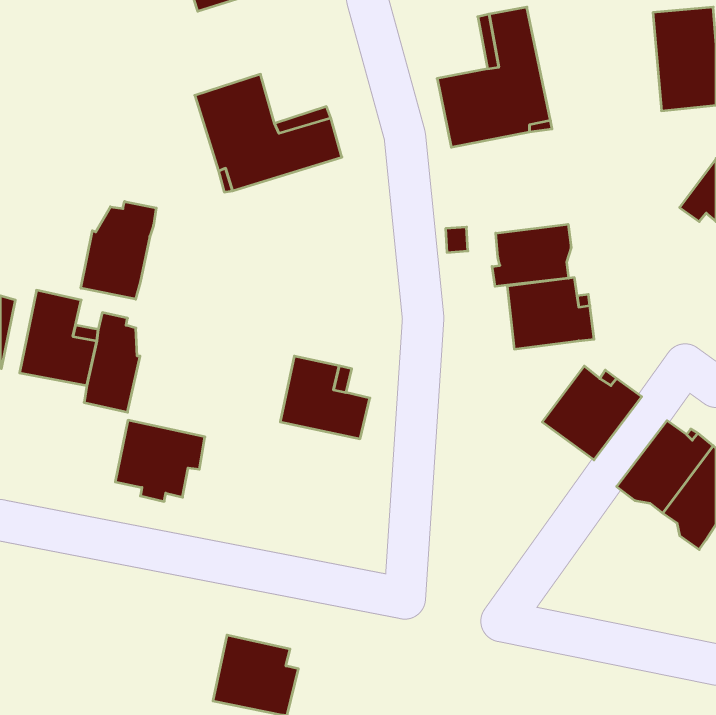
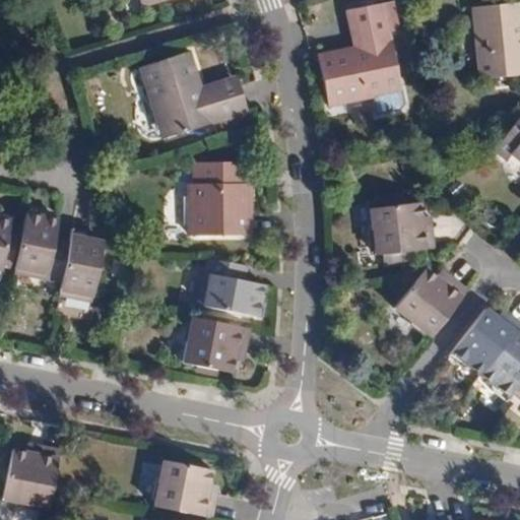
building: [81,201,156,299] -> none
building: [492,224,571,286] -> none
building: none -> [189,165,250,237]
building: [115,420,205,501] -> [183,314,248,373]
building: none -> [4,446,59,509]

